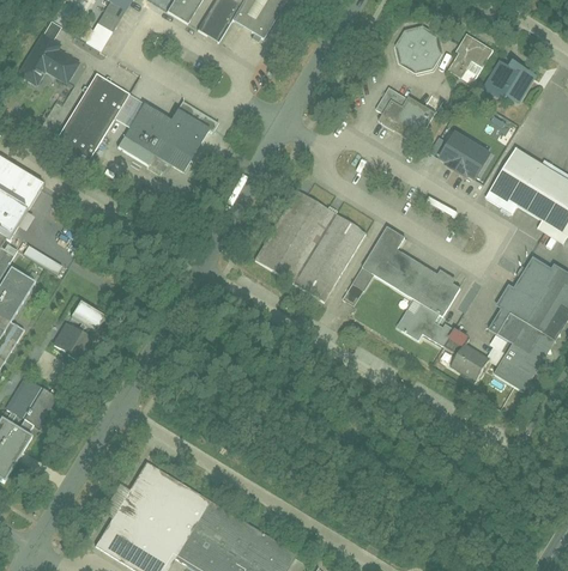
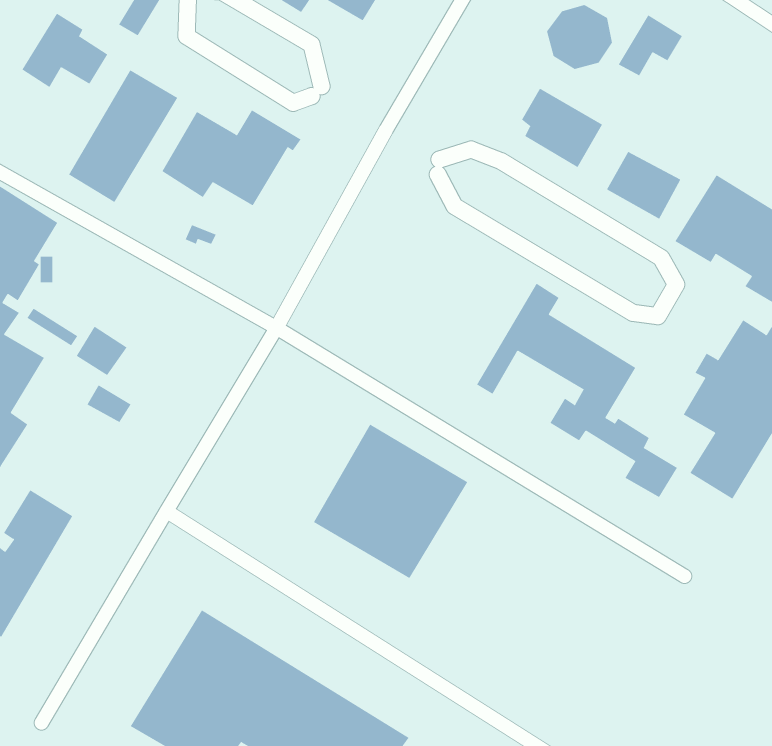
building: [482,61,537,104] -> none
building: [254,189,365,300] -> [313,424,468,579]
building: [49,318,86,354] -> [76,326,127,376]

